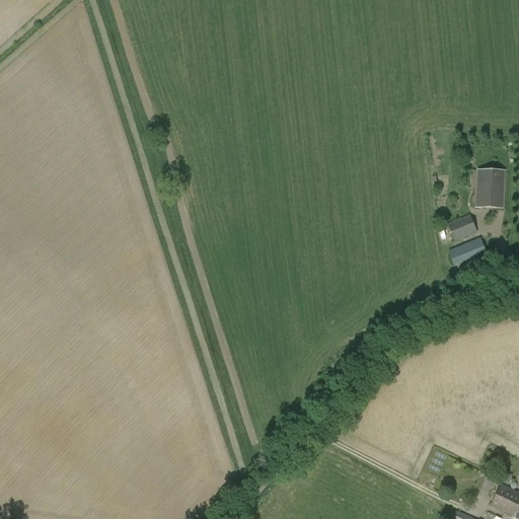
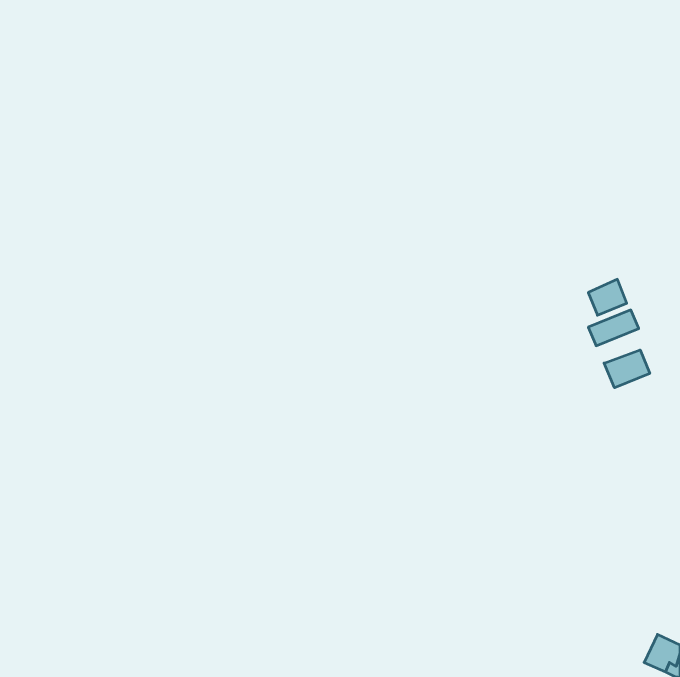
building: [476,169,504,207] -> none
building: none -> [604,350,650,388]

